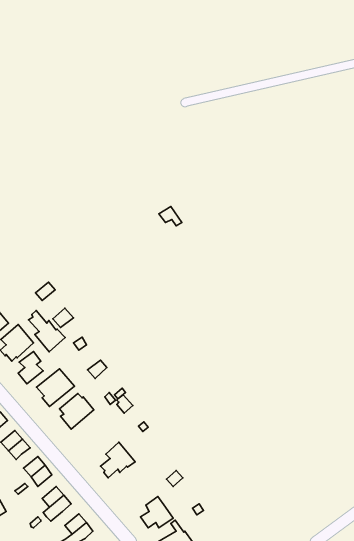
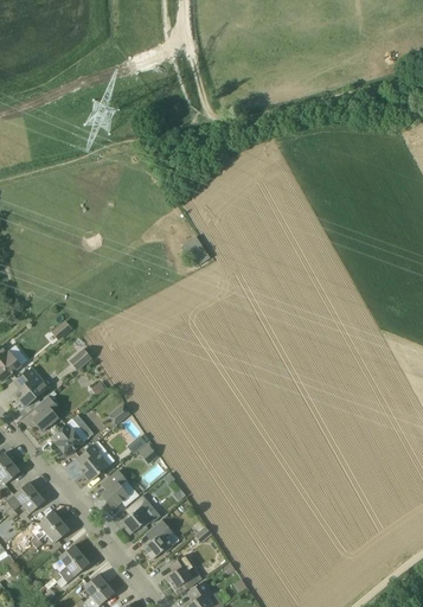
building: [29,310,65,352] -> none
building: none -> [101,469,135,507]
building: none -> [145,520,173,558]

